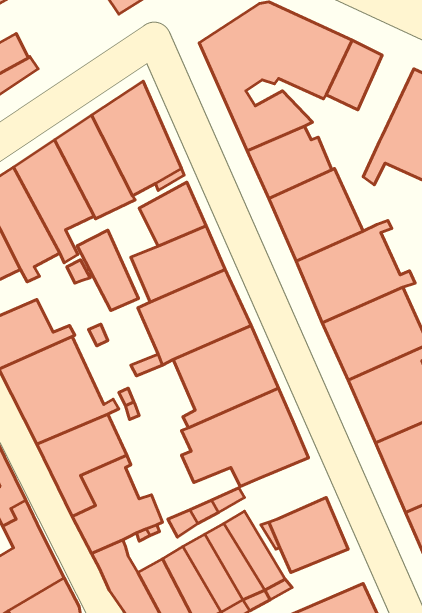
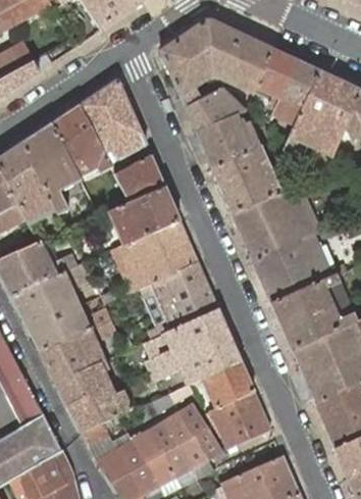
building: none -> [272,59,320,123]
building: [77,230,138,311] -> none
building: none -> [205,360,255,406]

